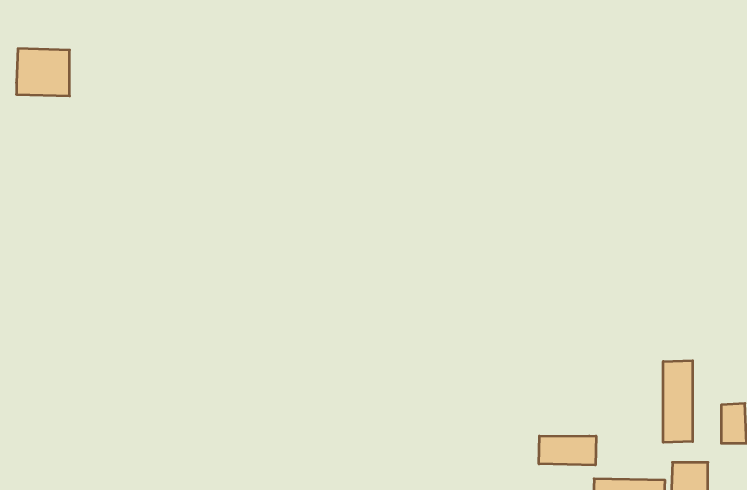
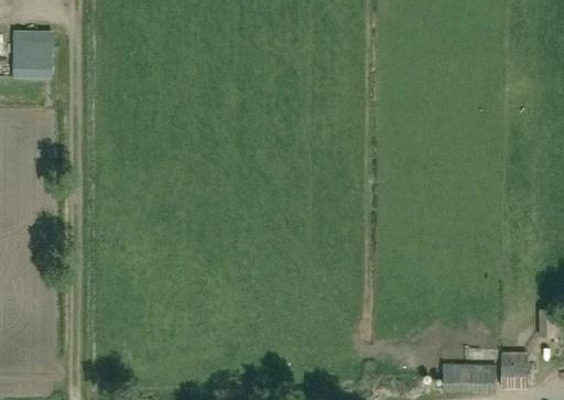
building: [663,361,693,442] -> none
building: [539,436,596,465] -> none

